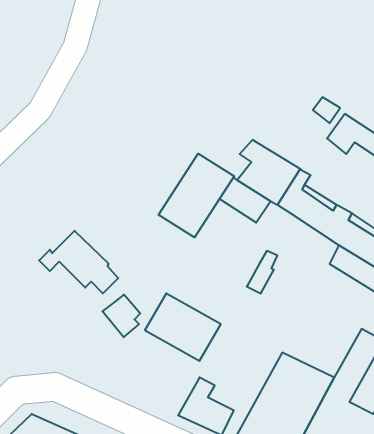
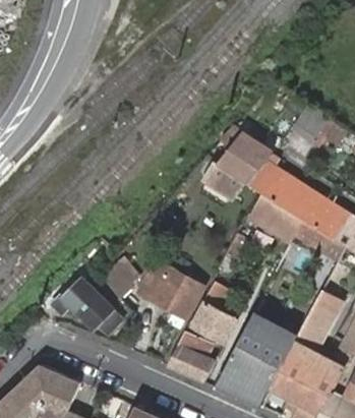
building: [159,154,234,237] -> none
building: none -> [248,191,304,242]
building: [39,231,118,293] -> [52,279,120,333]
building: none -> [193,302,236,339]

